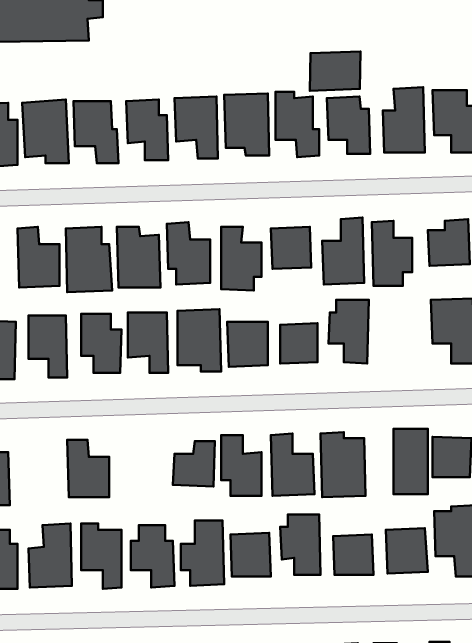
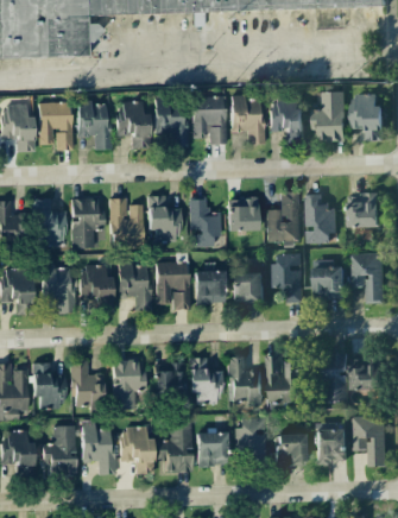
building: [310,51,360,91] -> none
building: none -> [312,261,345,299]
building: none -> [112,361,144,410]
building: none -> [32,364,64,409]

